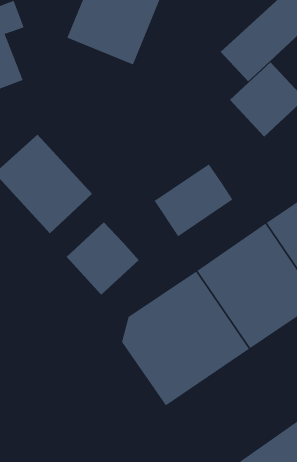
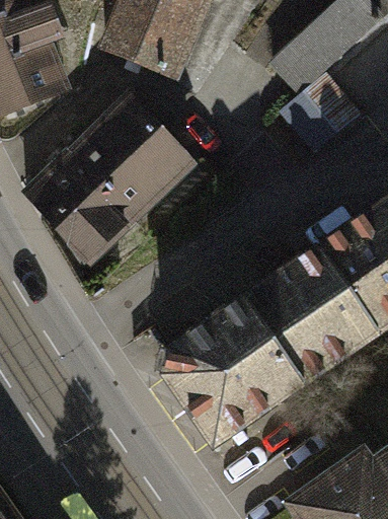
building: none -> [75,97,193,216]
building: [154,163,233,237] -> none
building: [66,221,139,295] -> none

